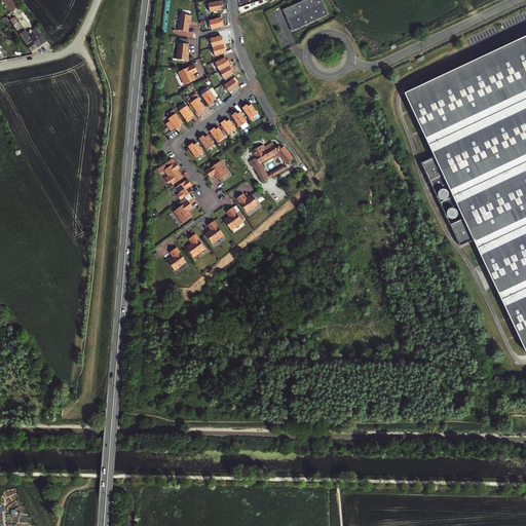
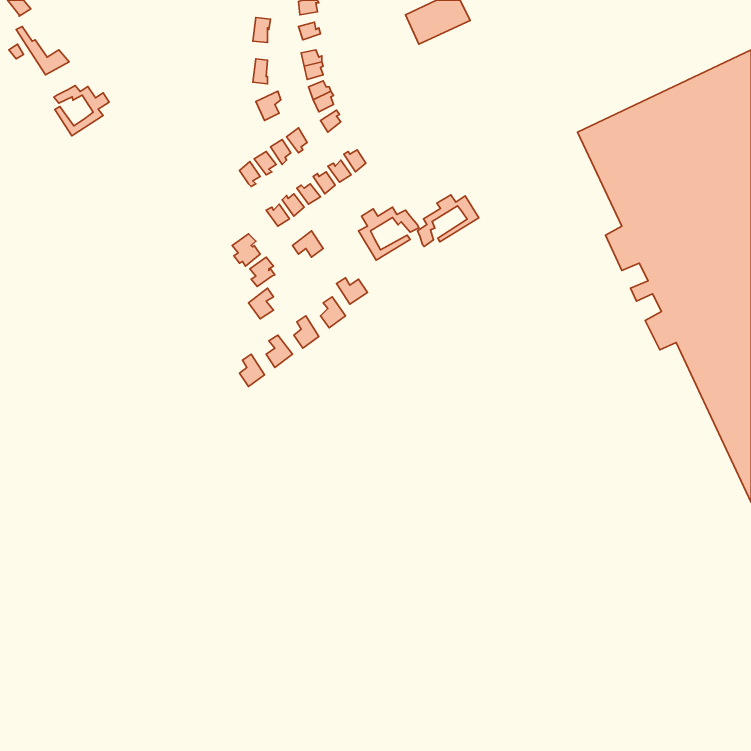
building: none -> [54,86,109,136]
building: none -> [418,195,479,246]

